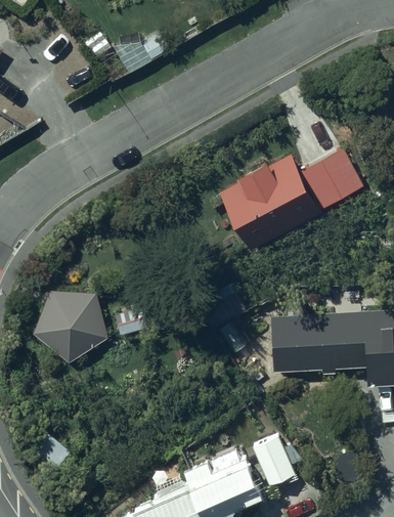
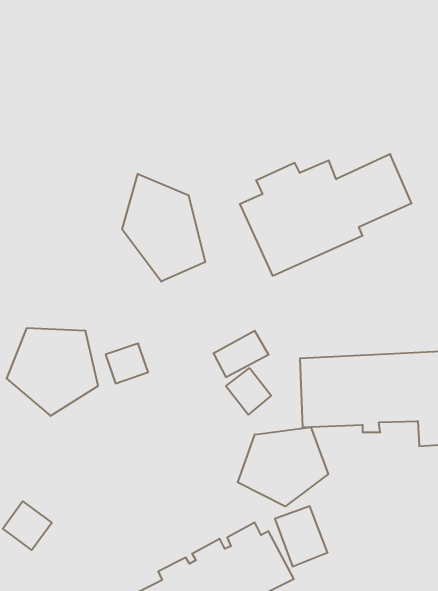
building: none -> [122,174,205,282]
building: none -> [238,427,328,506]

